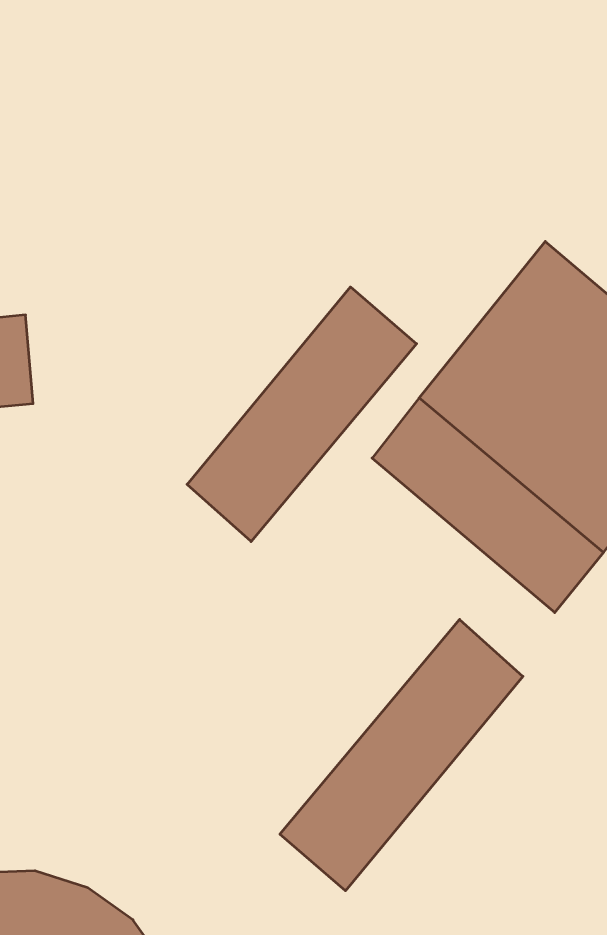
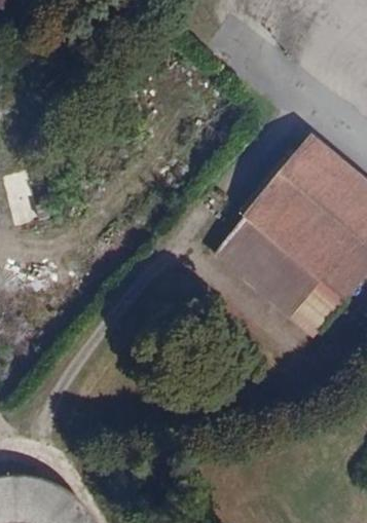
building: [187,287,417,542] -> none
building: [280,619,523,891] -> none

